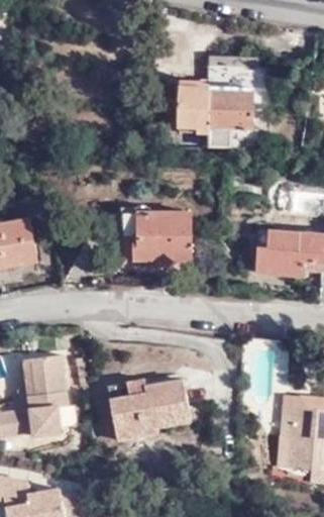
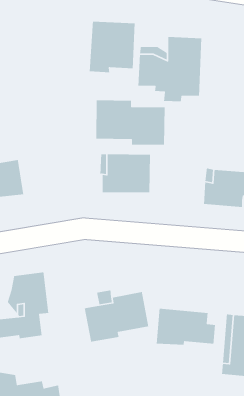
building: none -> [89,21,136,73]
building: none -> [95,99,166,146]
building: none -> [156,308,216,345]

